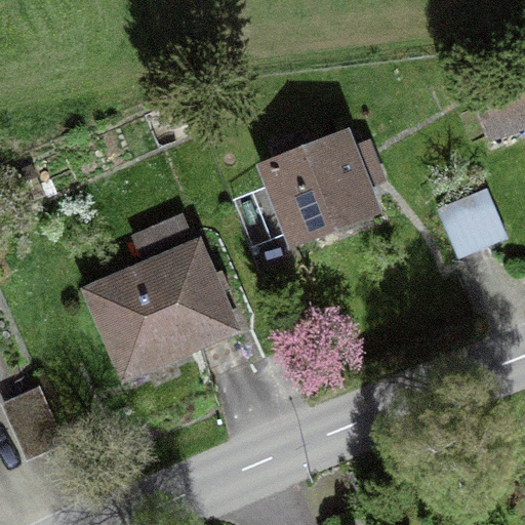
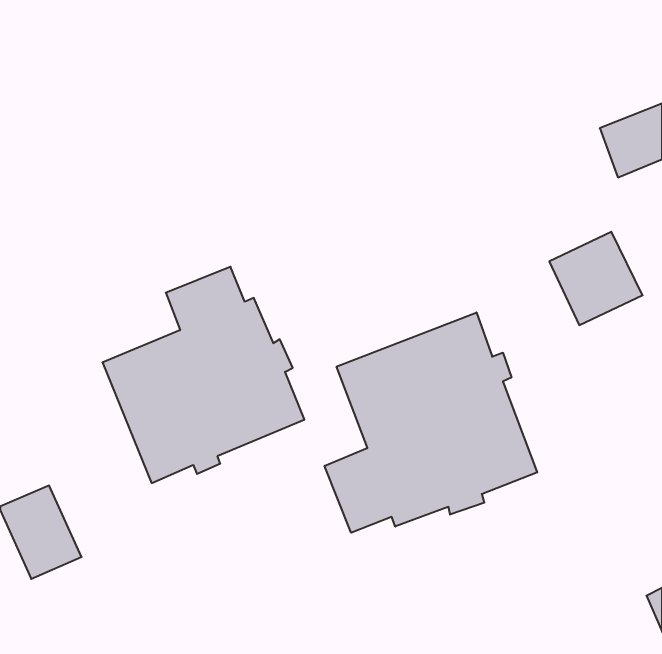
building: [254,129,382,252] -> none
building: none -> [325,312,537,533]

